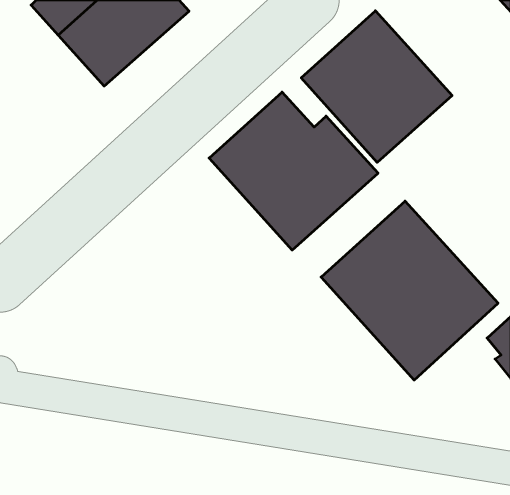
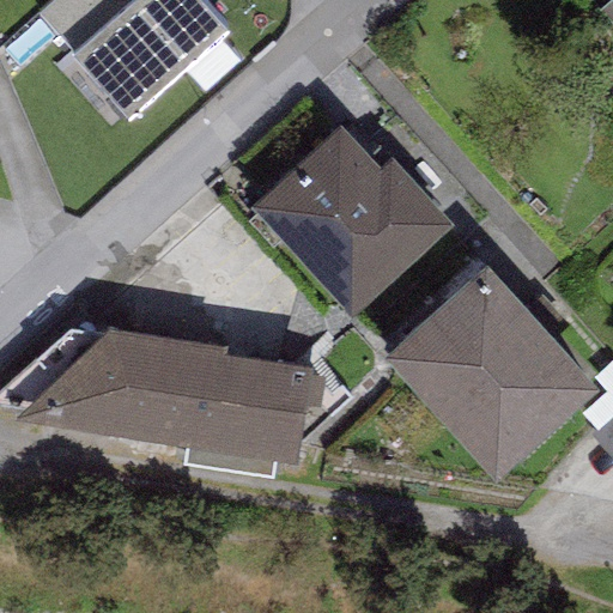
building: [301,11,452,162] -> none
building: none -> [17,329,311,465]

